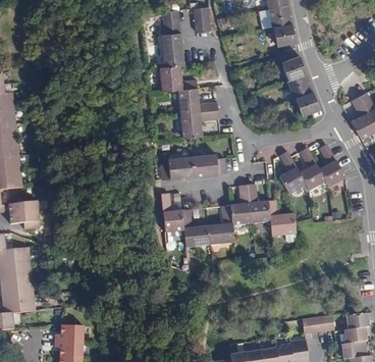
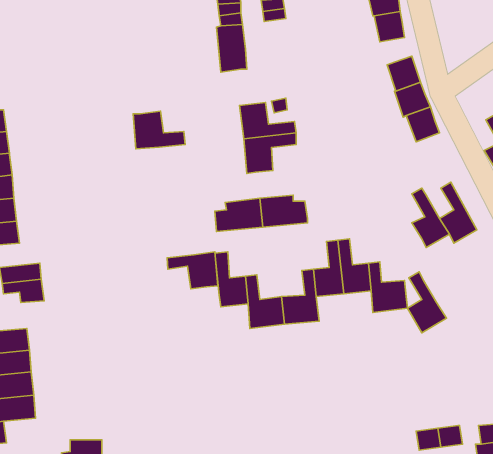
building: [160,64,197,91] -> [133,111,185,149]
building: [279,151,307,194] -> [407,272,447,333]
building: none -> [167,252,218,289]

